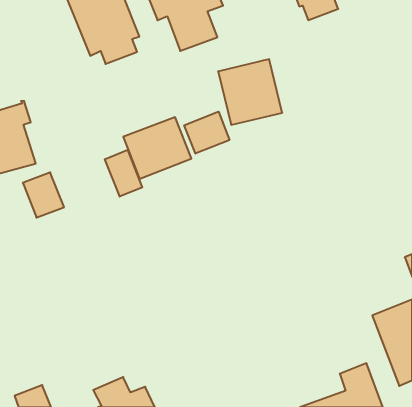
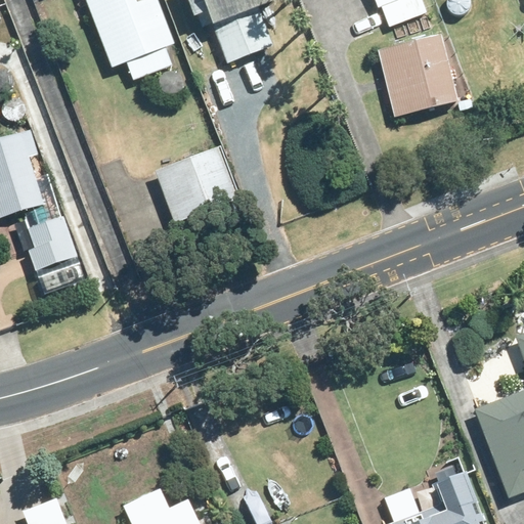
building: [218,59,282,125] -> [379,36,460,119]
building: [184,112,229,154] -> none
building: [105,150,142,197] -> none

